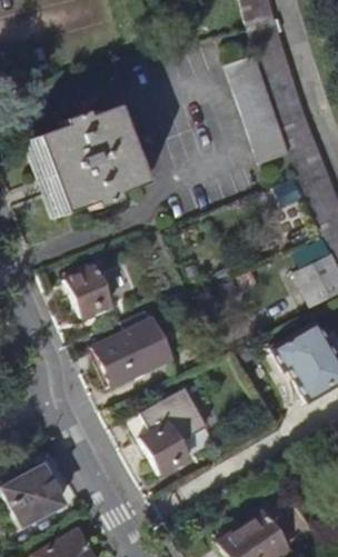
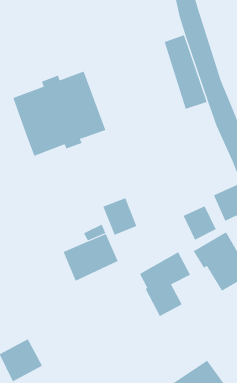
building: [66,267,112,318] -> [103,197,137,235]
building: none -> [183,205,217,241]
building: [130,389,200,477] -> [139,252,191,317]

